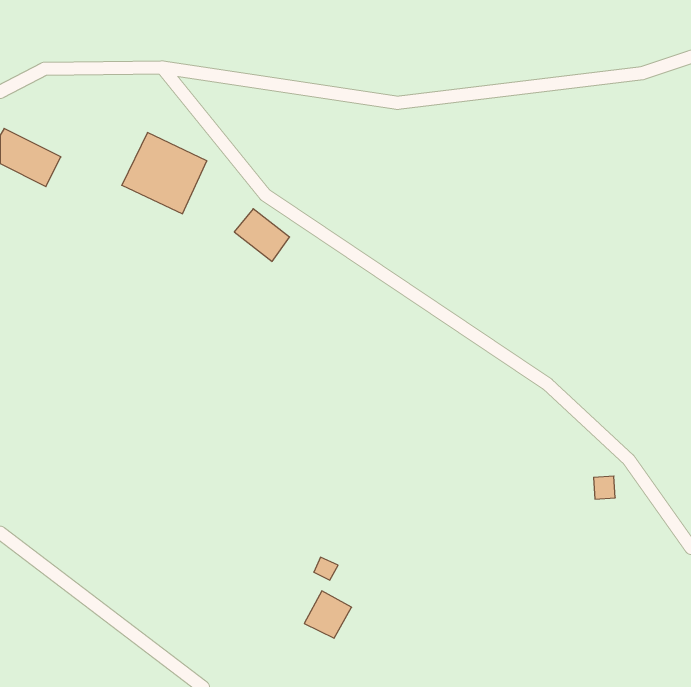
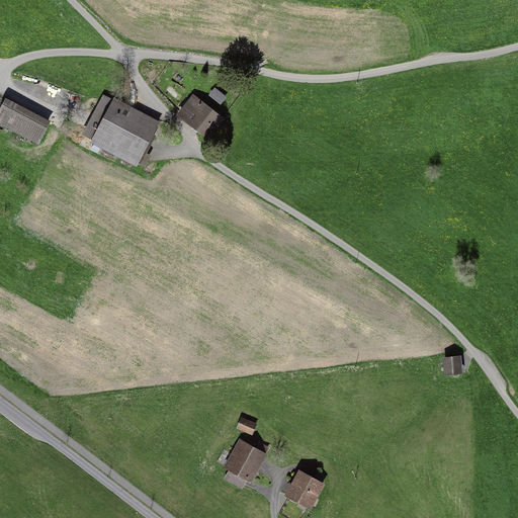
building: [234,209,290,261] -> [180,97,222,137]
building: none -> [289,473,321,506]

